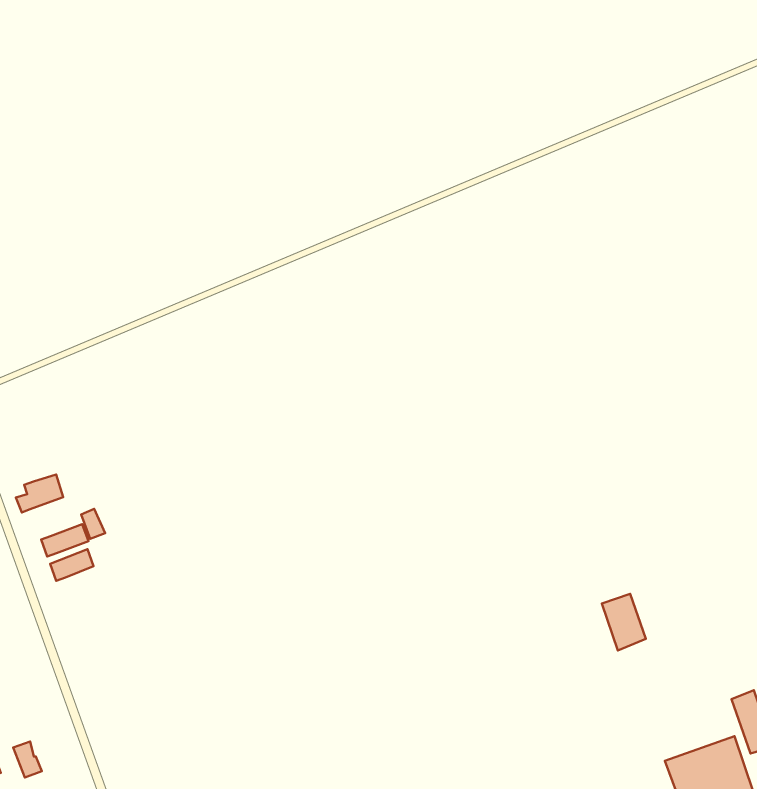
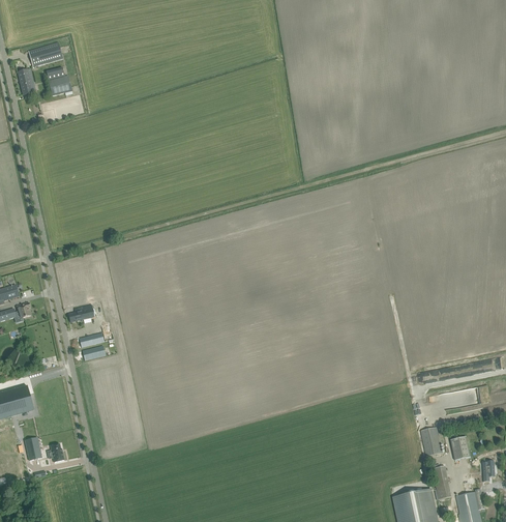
building: [602,594,646,650] -> [420,428,441,457]

